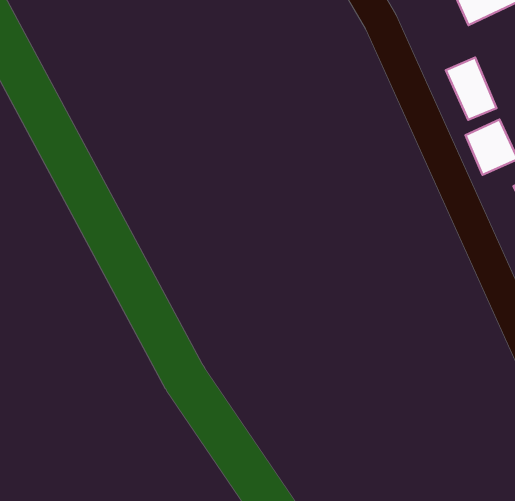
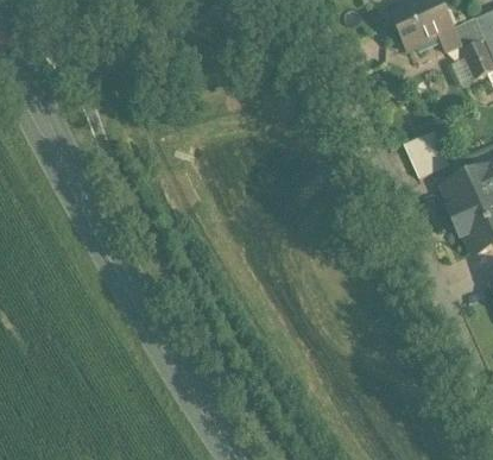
building: [446,57,496,120] -> none

